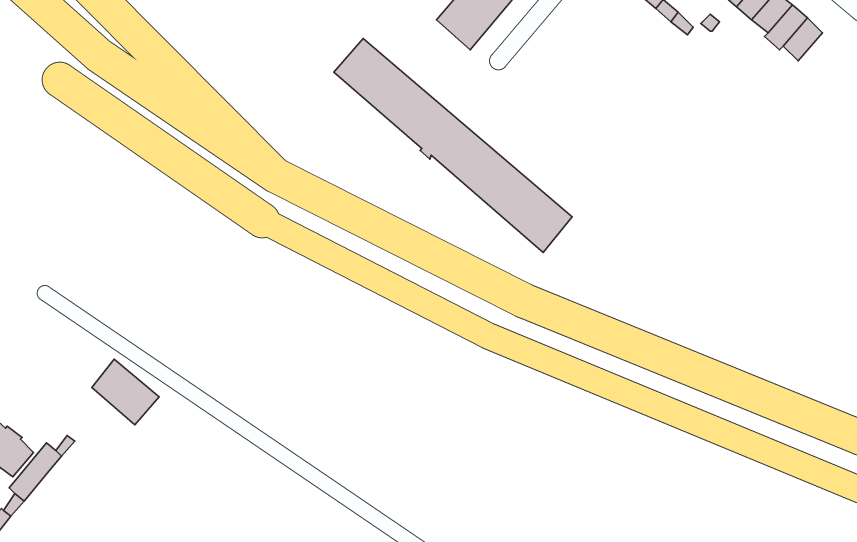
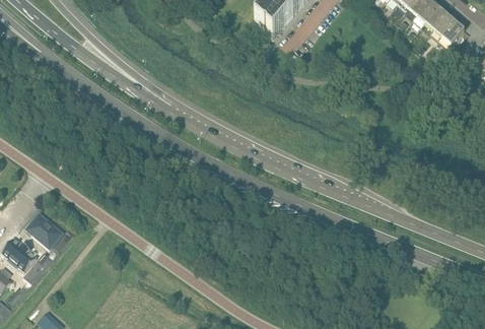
building: [334,38,572,252] -> none
building: [92,359,159,425] -> [27,211,64,247]

